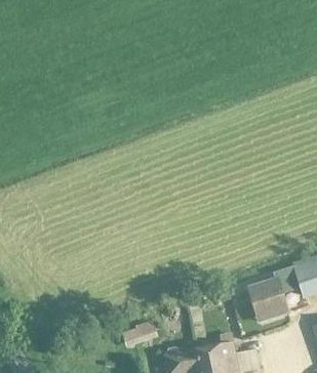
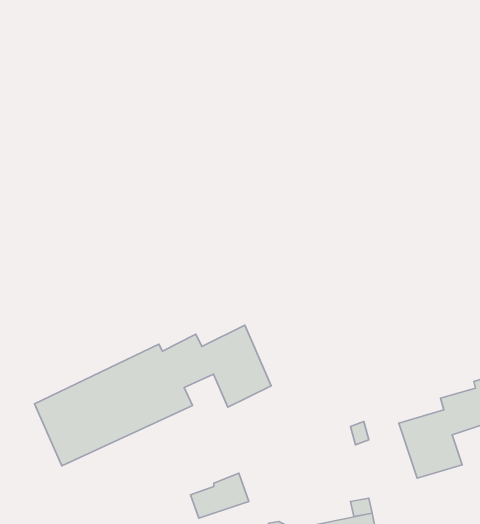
building: none -> [35,325,271,466]

